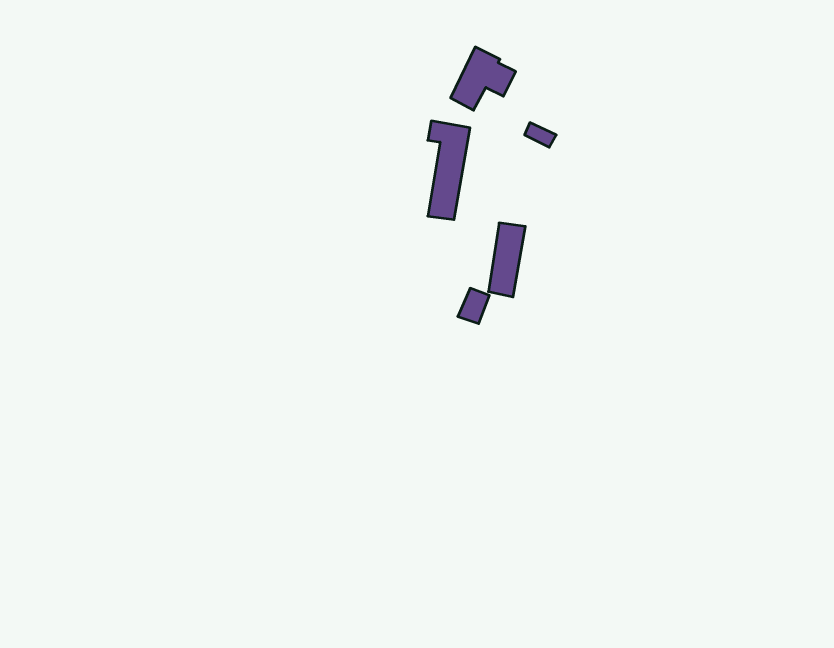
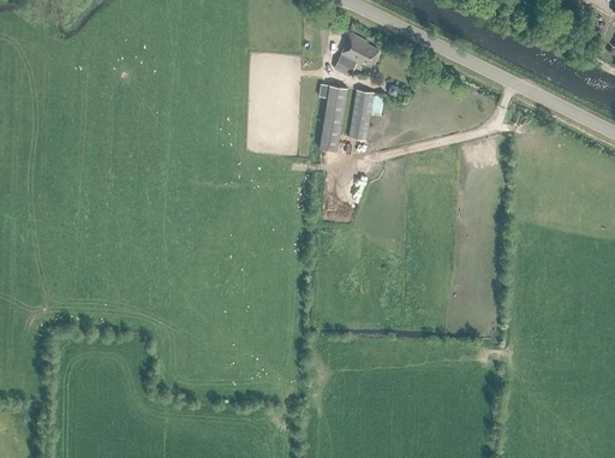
building: [488,223,525,297] -> [348,89,374,139]

